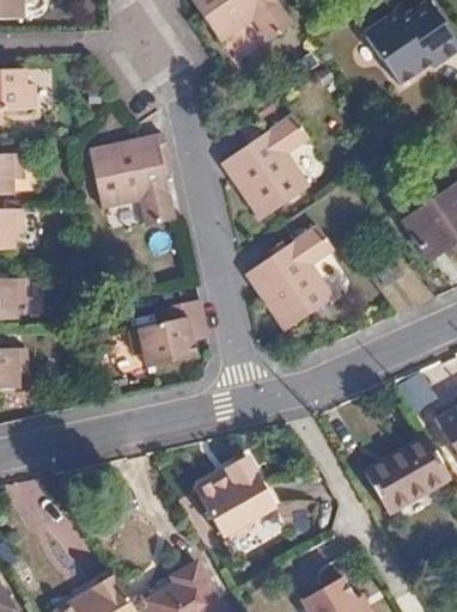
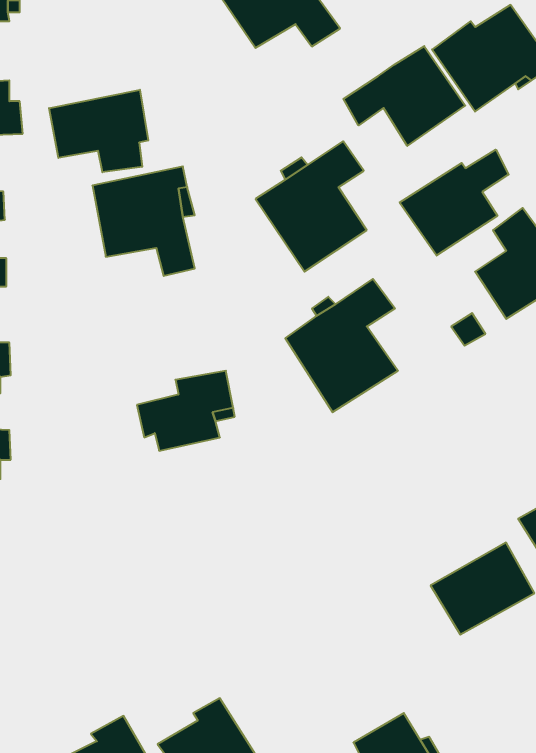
building: none -> [343,46,465,146]
building: none -> [49,90,148,172]
building: none -> [400,150,509,256]
building: [197,458,279,538] -> none

